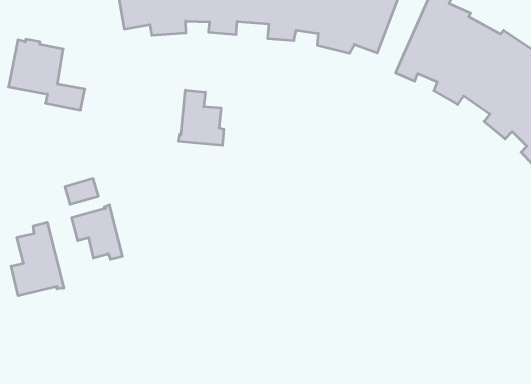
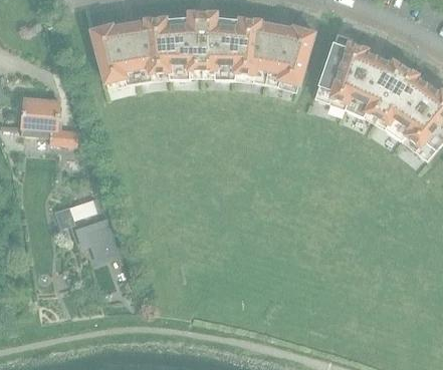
building: [178,90,224,145] -> none
building: [11,222,64,296] -> none

